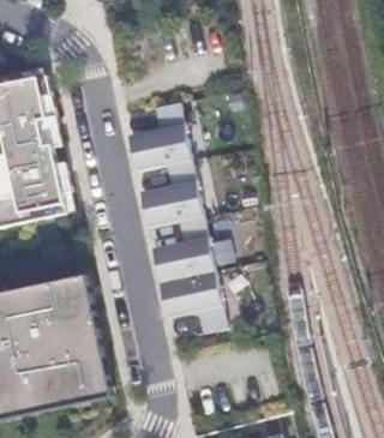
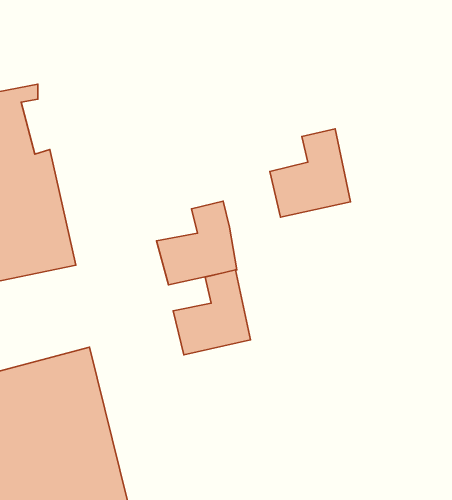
building: [126,101,190,170] -> [270,129,350,217]
building: [157,270,224,332] -> none

